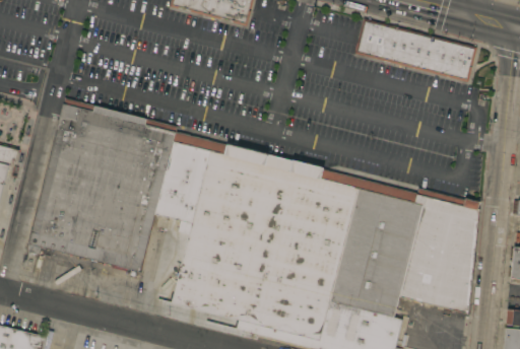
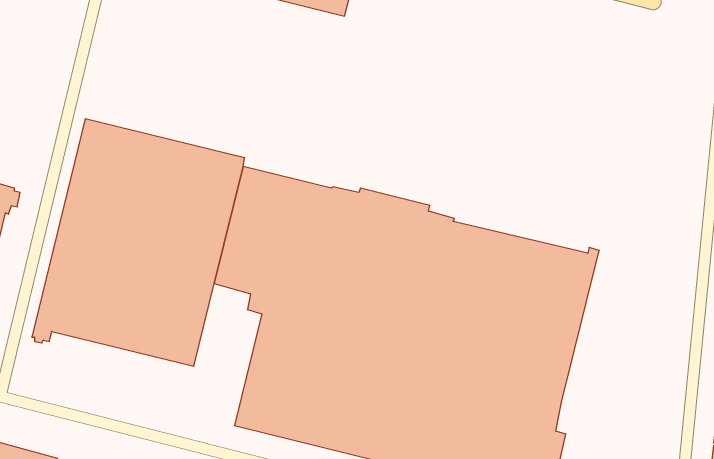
building: [354,19,475,82] -> none
building: [398,191,485,312] -> none

